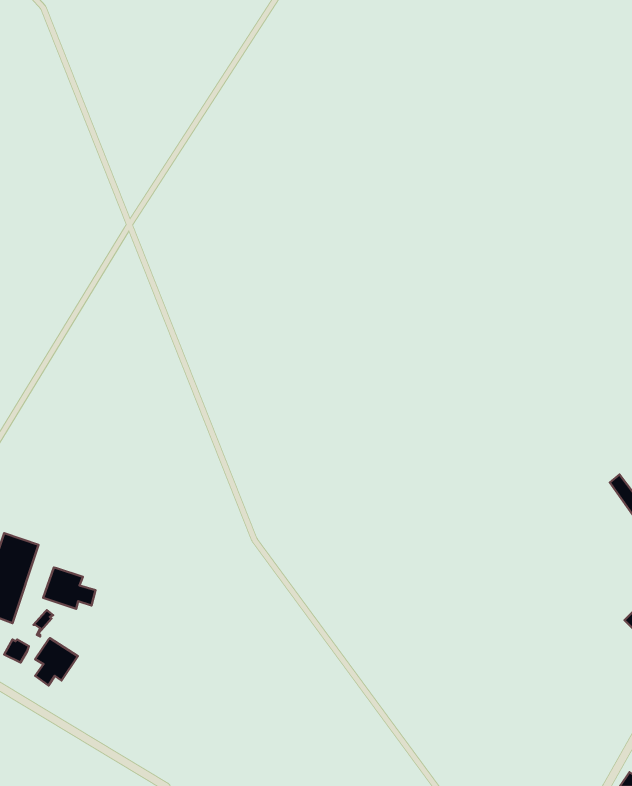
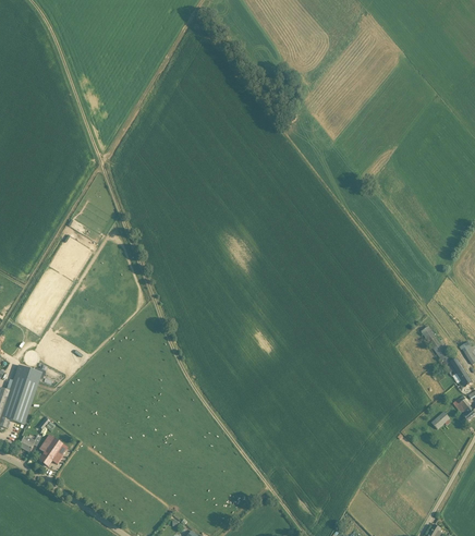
building: [43,568,95,609] -> none

